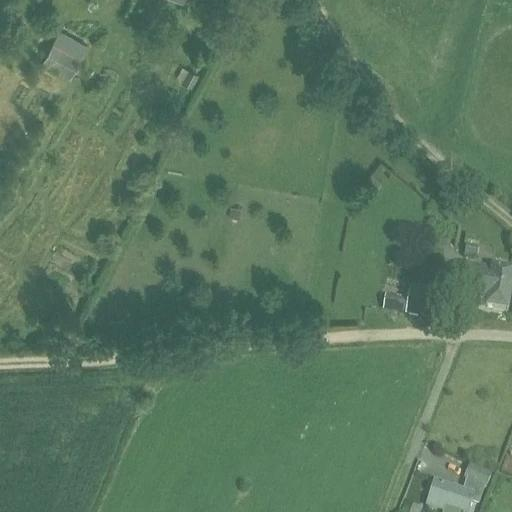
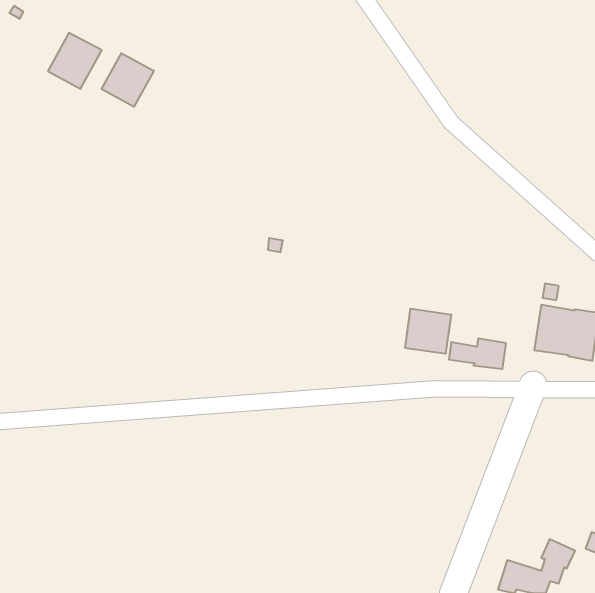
building: none -> [101,53,154,107]
building: none -> [405,309,451,354]

